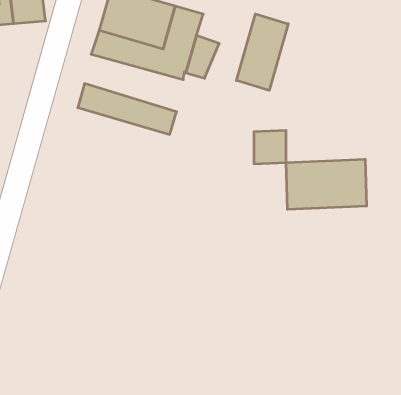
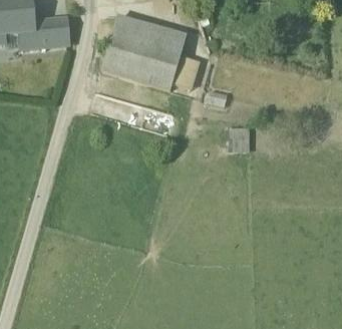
building: [236,14,288,90] -> none
building: [286,159,367,209] -> none

